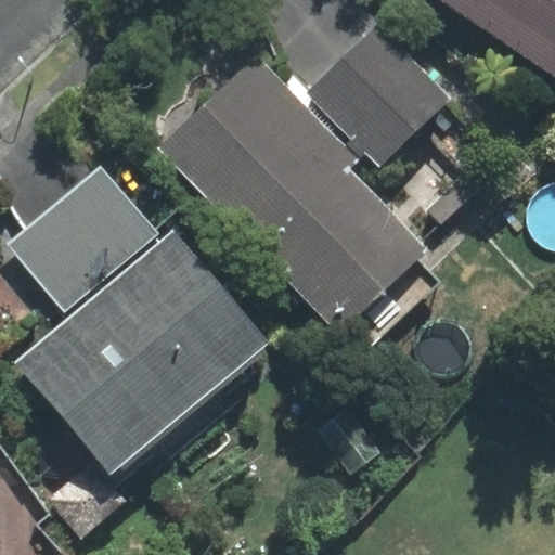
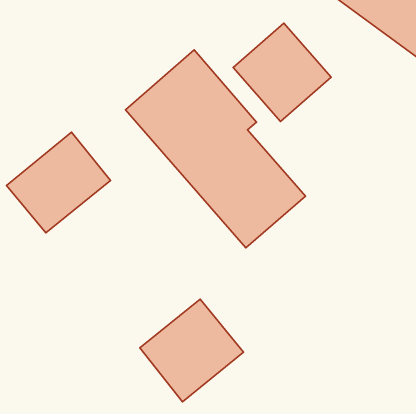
building: [29,245,249,455] -> none
building: none -> [140,299,244,402]

